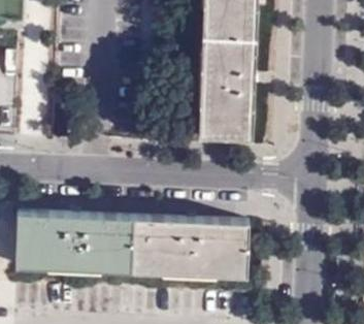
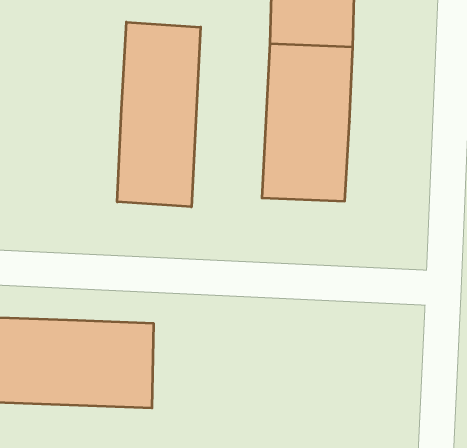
building: none -> [117,22,201,207]
building: [127,215,249,273] -> none

